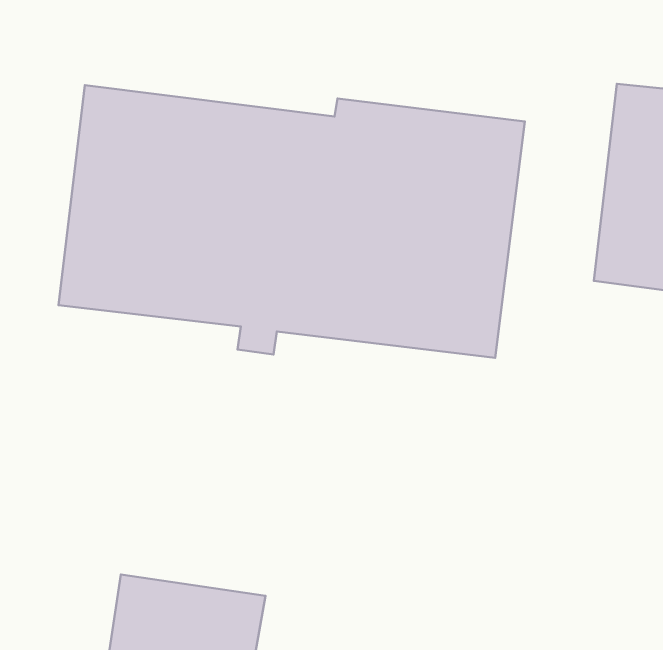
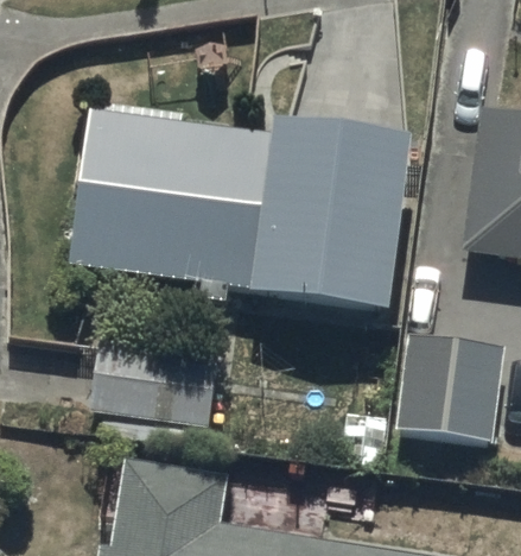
building: none -> [89,336,221,430]
building: none -> [396,336,504,444]

